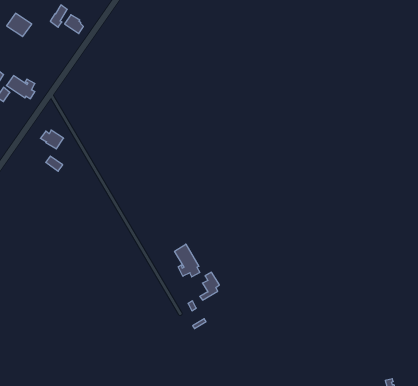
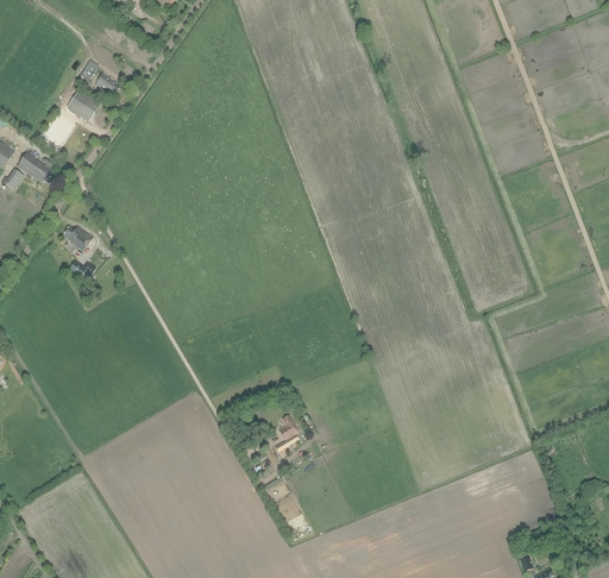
building: [7,13,32,37] -> [67,89,100,120]
building: [175,244,200,277] -> none

